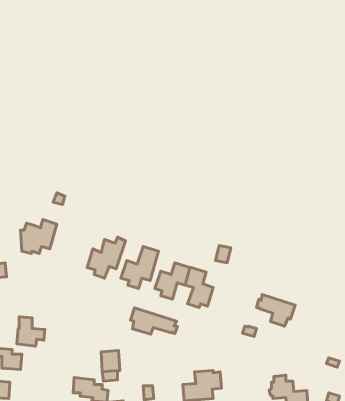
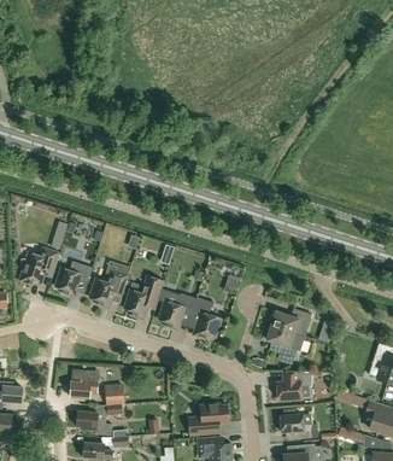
building: none -> [57,261,93,297]
building: none -> [271,308,312,335]
building: [131,308,177,334] -> none
building: [17,317,45,346] -> [70,368,99,398]
building: none -> [277,372,312,399]

